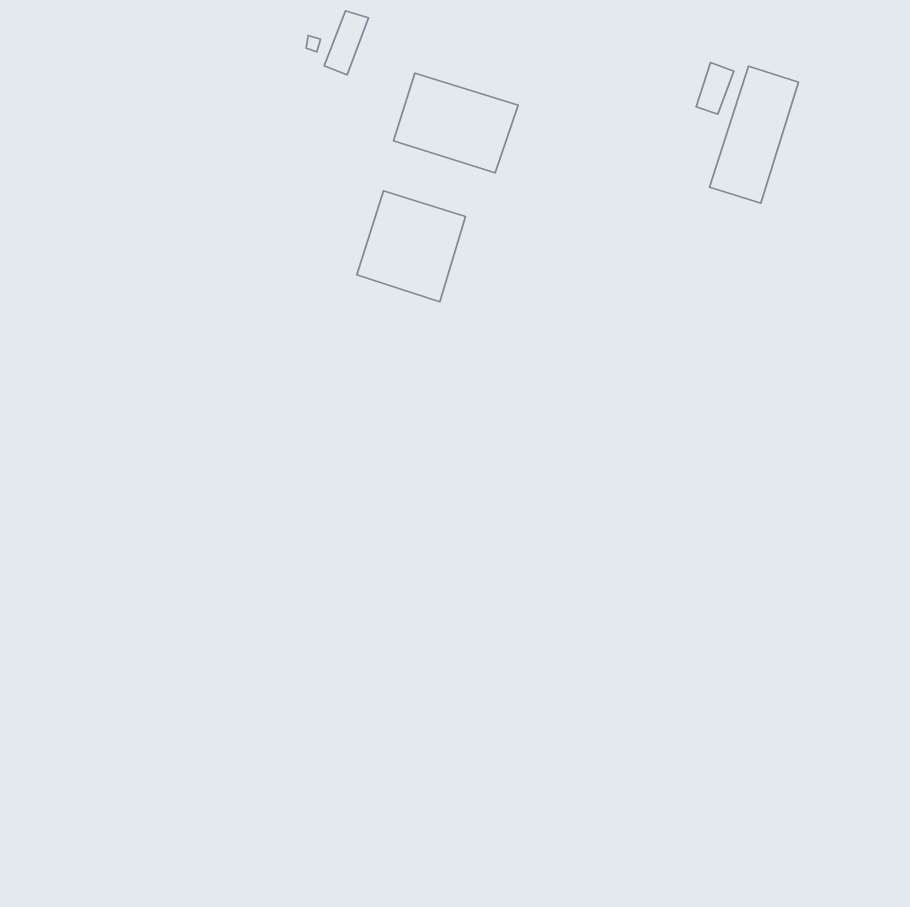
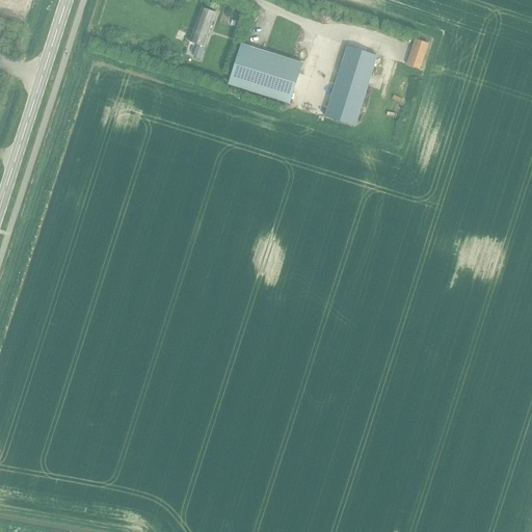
building: [709,66,798,203] -> [324,44,376,124]
building: [357,191,465,302] -> none

